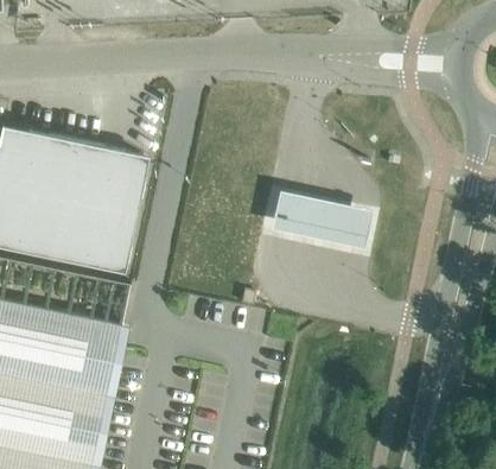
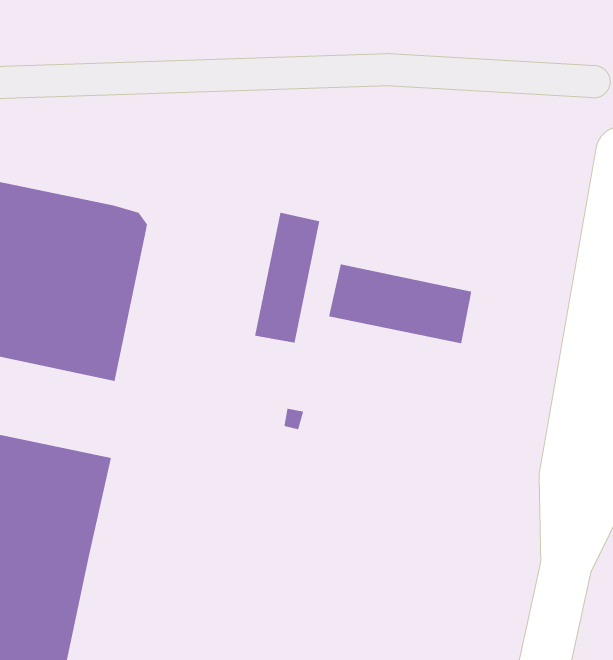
building: none -> [254,212,320,344]

